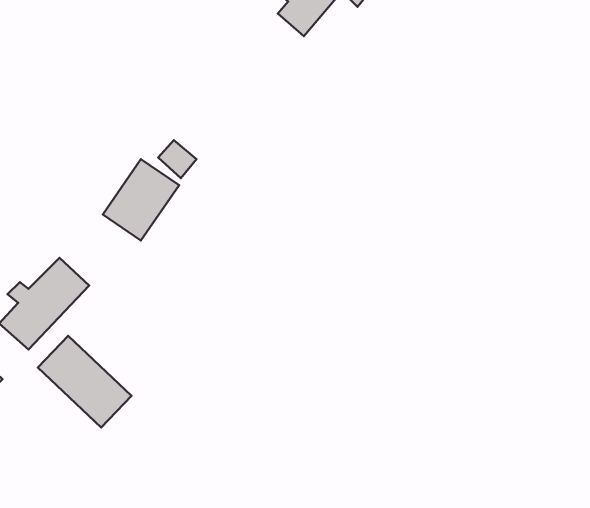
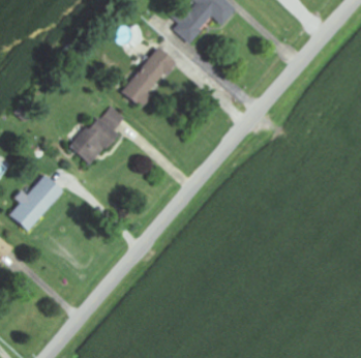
building: none -> [121,47,174,106]
building: [38,336,131,428] -> none

